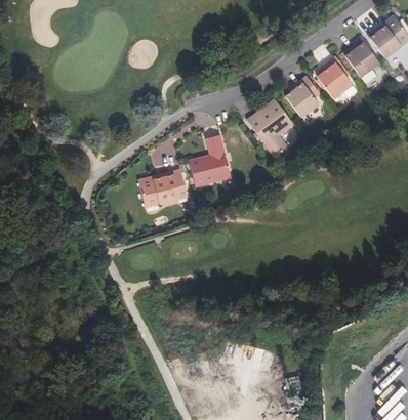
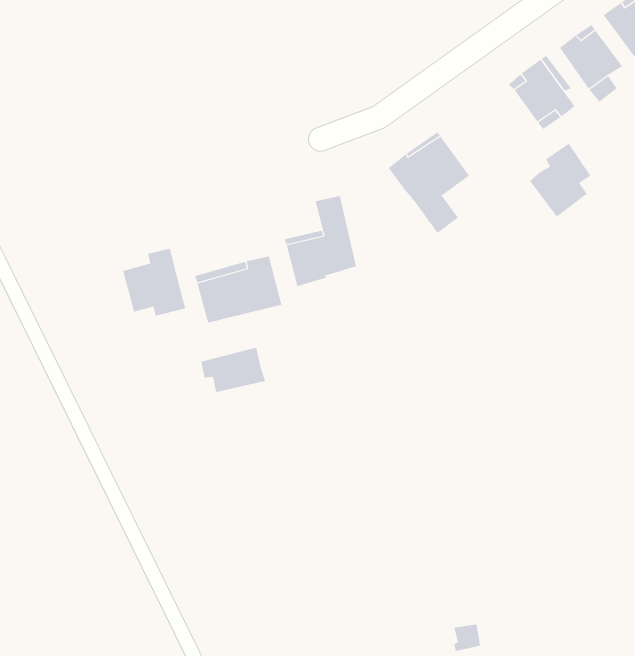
building: [284,75,319,117] -> [529,143,591,217]
building: none -> [123,248,186,317]
building: none -> [201,347,266,393]

